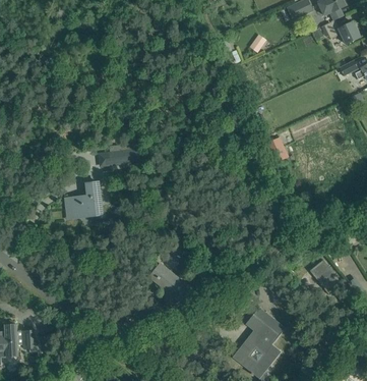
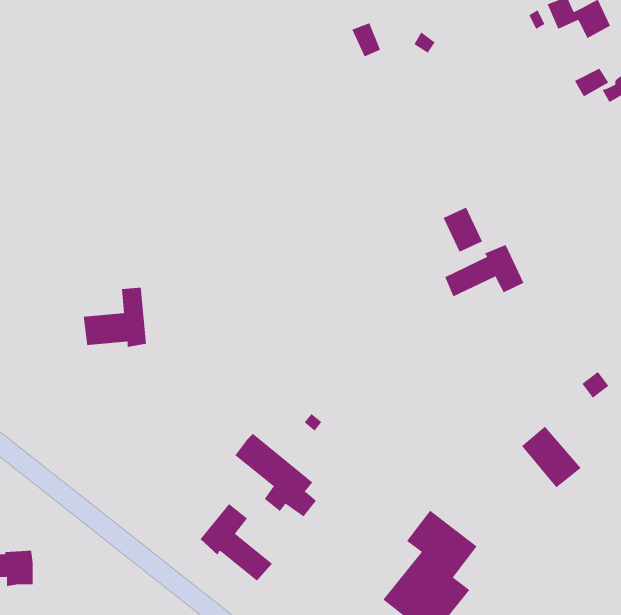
building: [109,148,139,164] -> none
building: none -> [445,244,524,297]
building: none -> [200,503,273,582]

